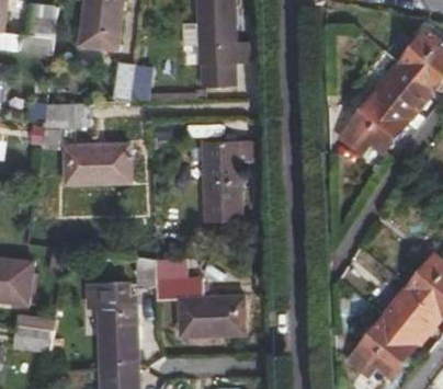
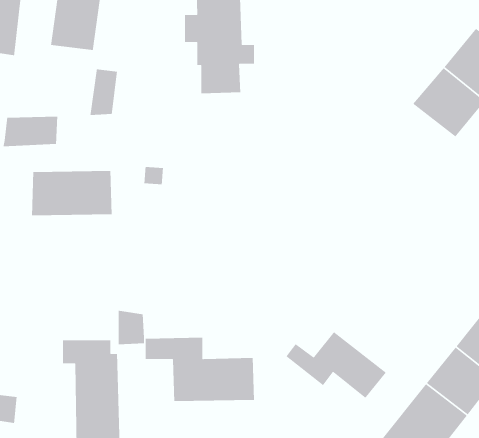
building: [337,92,408,152] -> none
building: [205,144,250,220] -> none
building: none -> [285,331,387,399]

